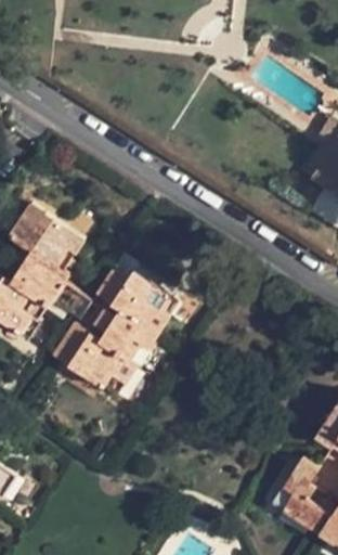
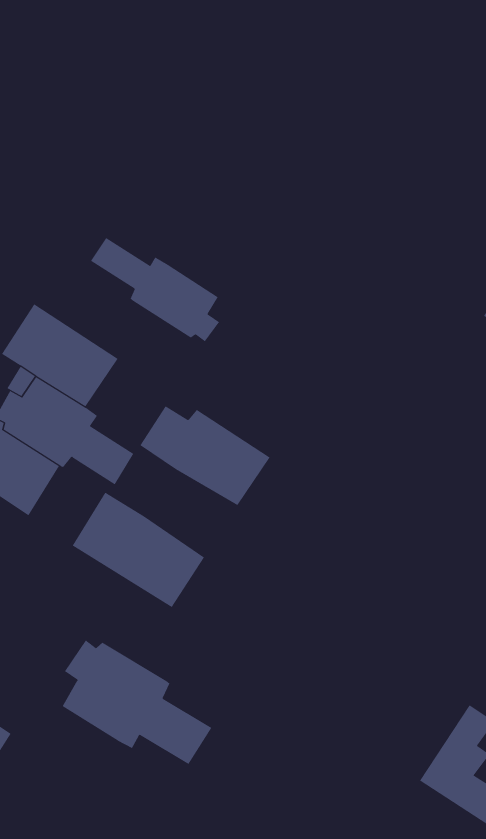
building: none -> [90,237,220,342]
building: [95,308,158,363] -> none
building: none -> [62,640,212,765]

